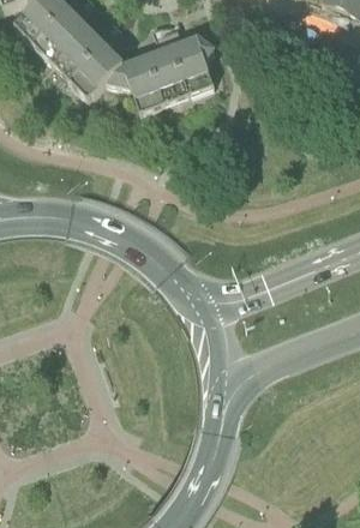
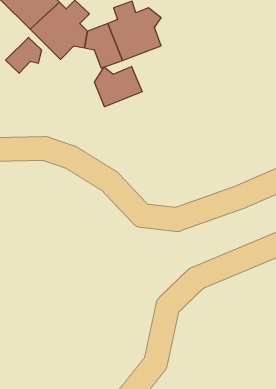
building: none -> [6,37,41,73]
building: none -> [94,66,142,107]

